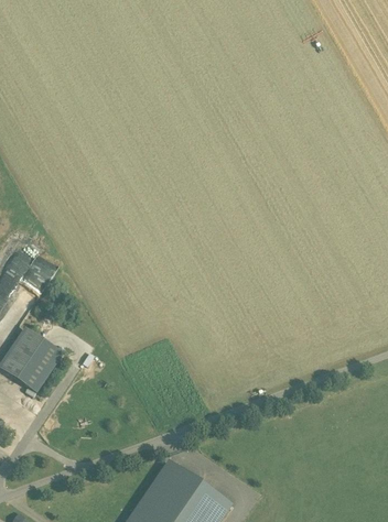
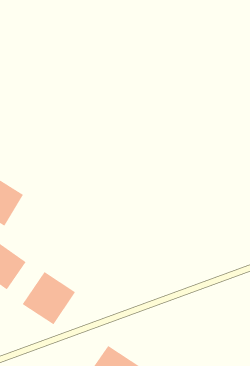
building: none -> [22,271,76,325]

